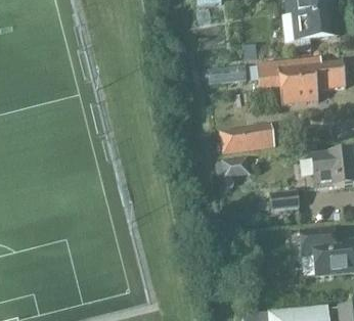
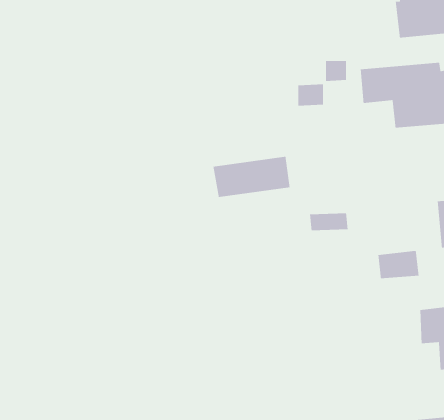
building: [220,123,275,152] -> [212,156,291,198]

